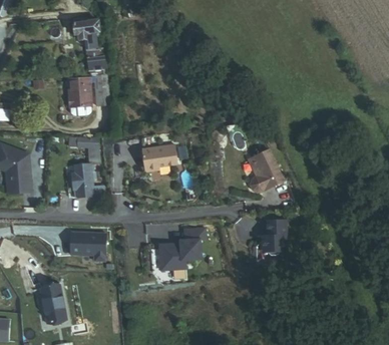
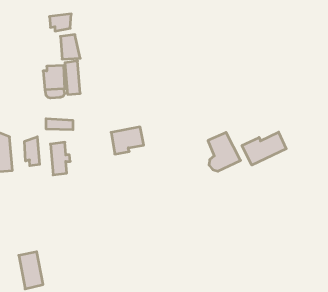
building: none -> [242,132,286,165]
building: none -> [25,137,40,166]
building: [266,222,287,258] -> none
building: [158,227,206,267] -> none
building: [71,232,105,261] -> none

